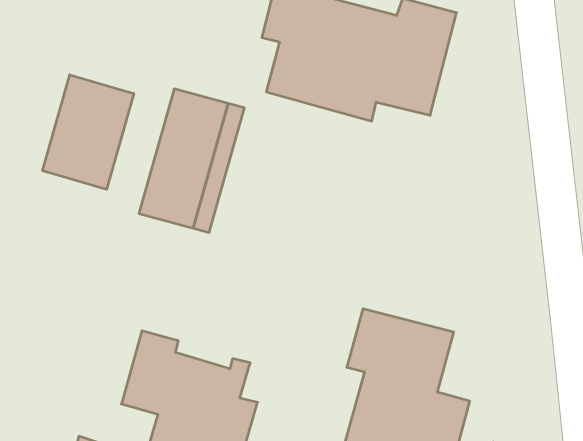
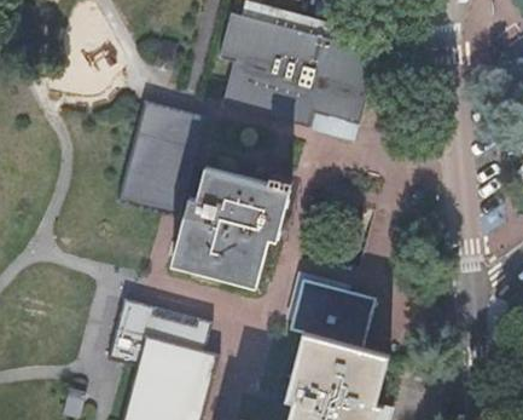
building: [43,75,134,189] -> none
building: none -> [172,167,292,286]

